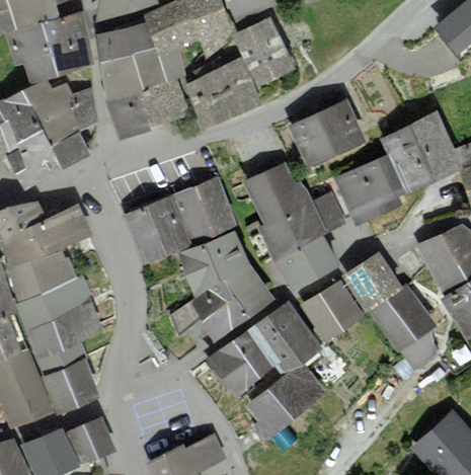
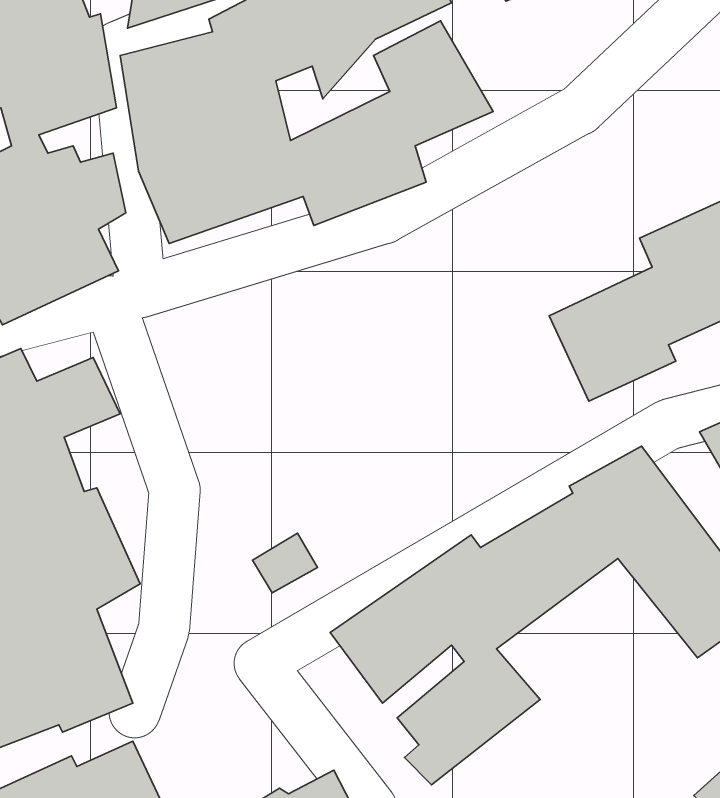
building: [288,99,365,167] -> none
building: [243,161,344,291] -> none
building: [120,177,276,340] -> none

